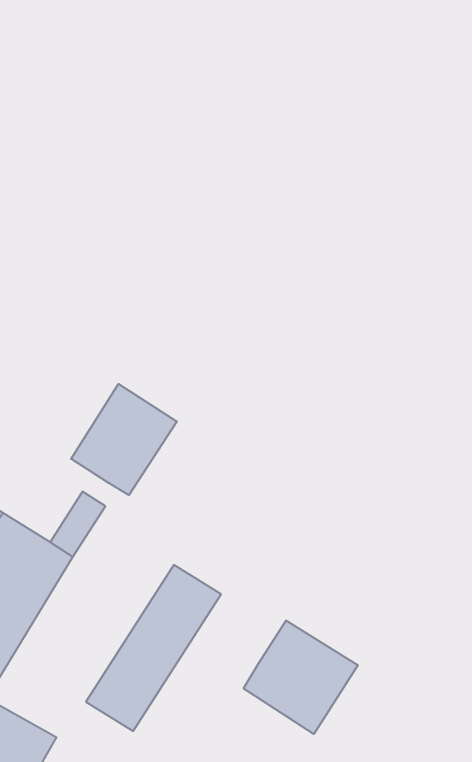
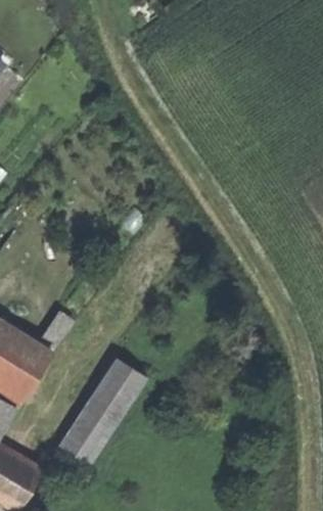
building: [71,384,177,495] -> none
building: [244,620,358,734] -> none

